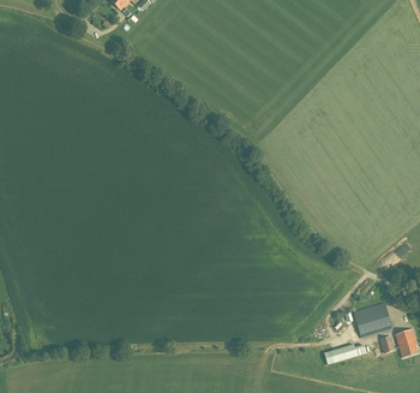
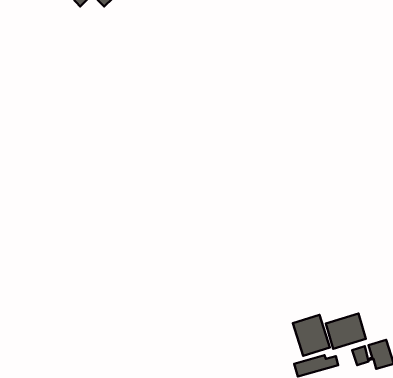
building: none -> [293,315,330,356]

